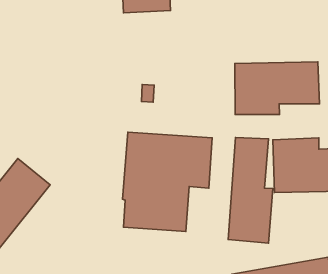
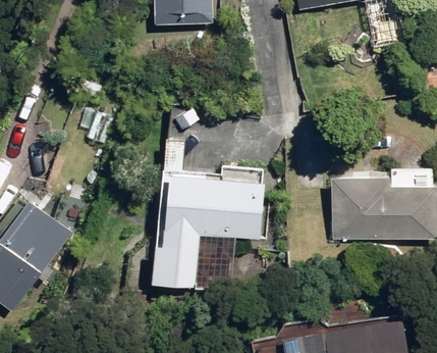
building: [235,62,320,114] -> none
building: [228,138,273,243] -> none

